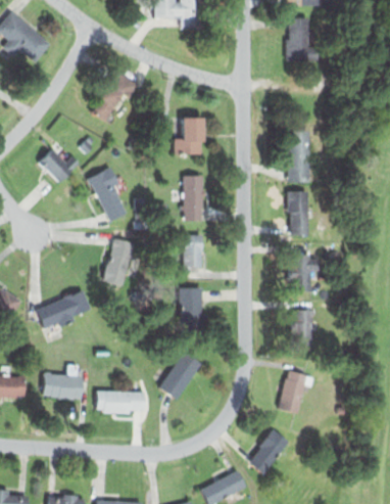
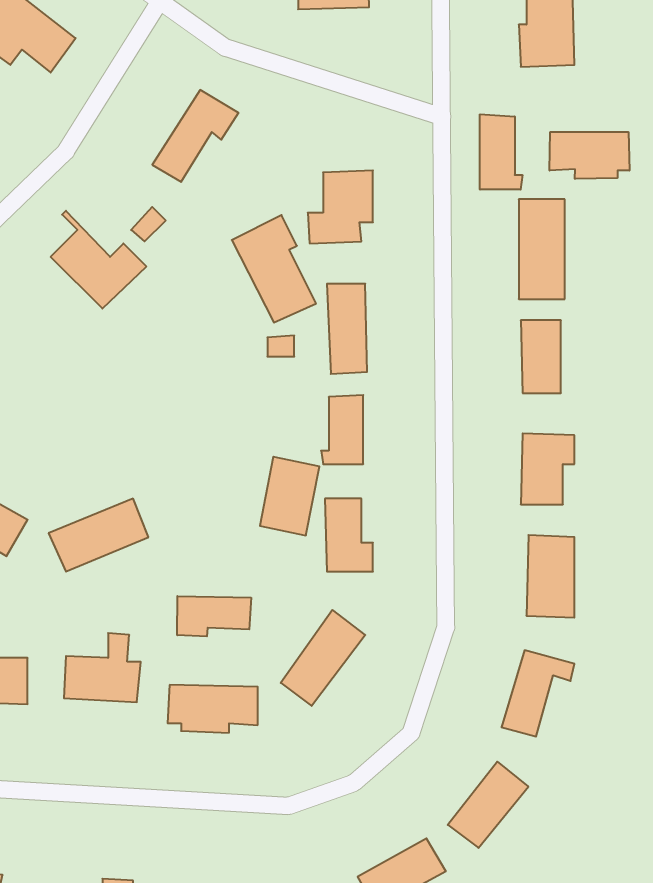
building: none -> [480,114,522,190]
building: none -> [550,132,629,179]
building: [86,166,131,223] -> [232,215,316,323]
building: [102,243,134,285] -> [260,457,319,535]
building: none -> [177,596,251,636]

